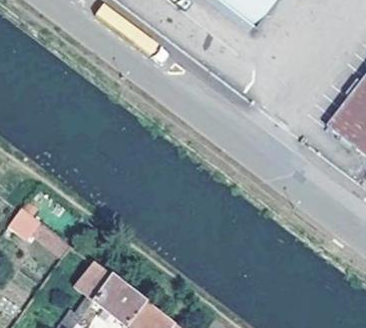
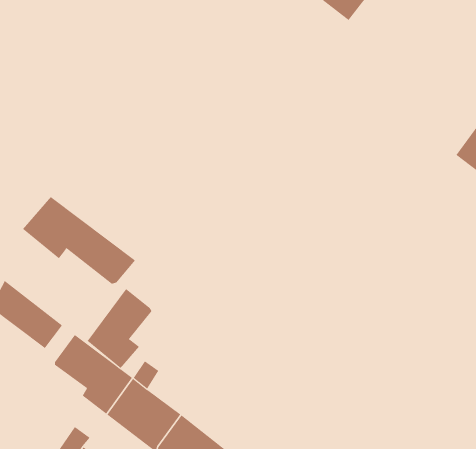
building: none -> [22,196,136,285]
building: none -> [87,288,152,369]

